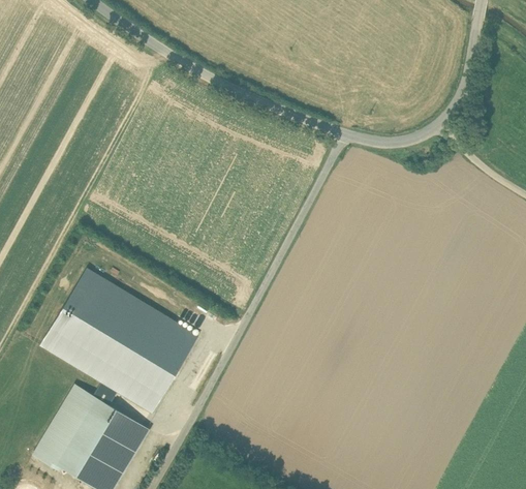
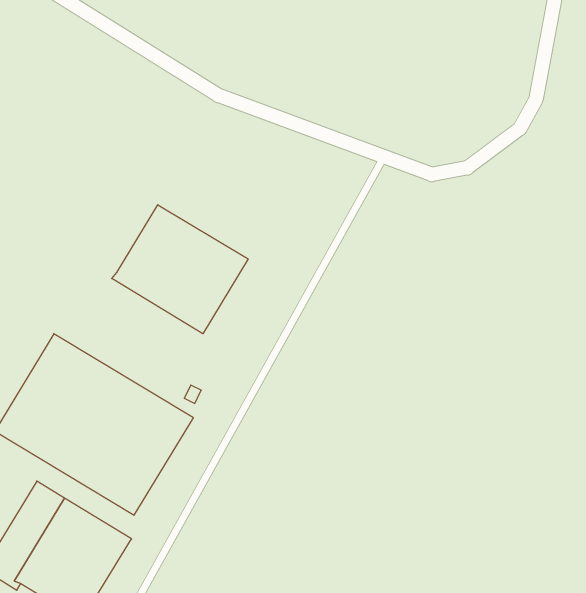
building: none -> [112,205,248,334]

